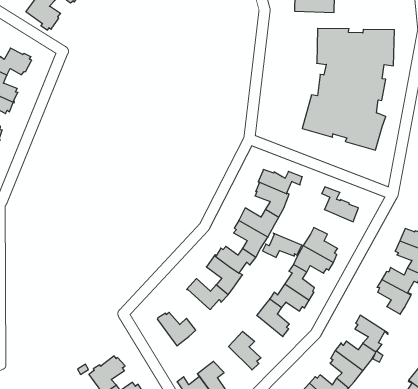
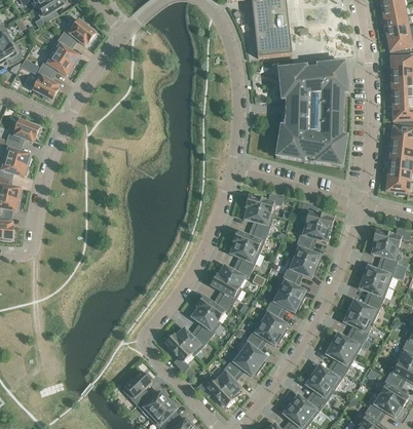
building: [263,233,302,257] -> [298,223,331,243]
building: none -> [192,306,221,340]
building: none -> [347,299,381,321]
building: none -> [249,320,284,345]
building: none -> [165,334,192,370]
building: none -> [227,350,261,376]

